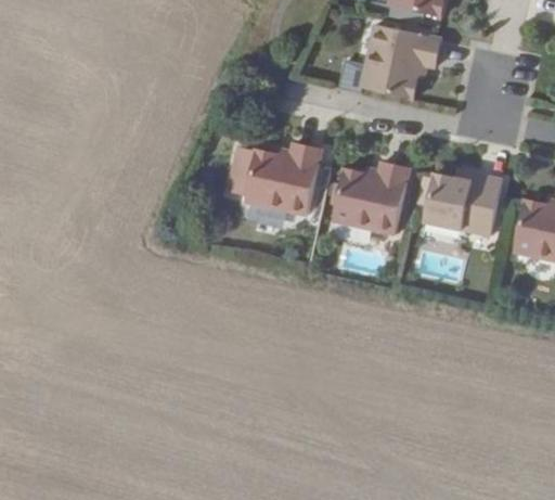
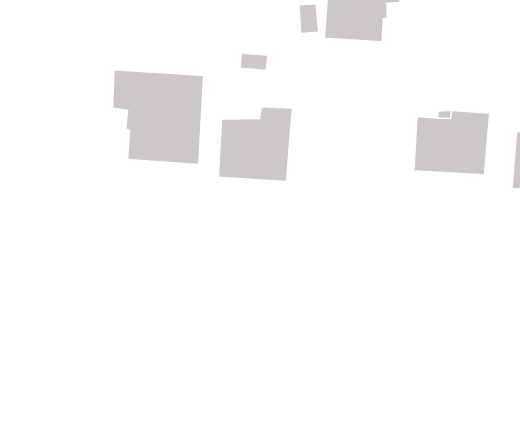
building: none -> [112,70,204,165]
building: [331,162,410,235] -> none

